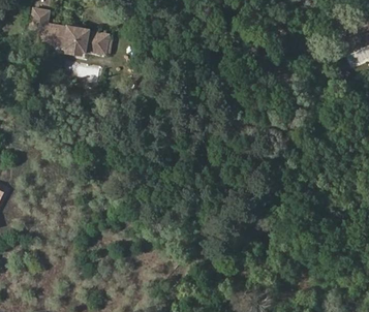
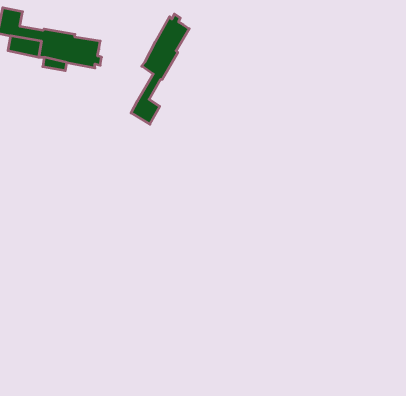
building: none -> [131,14,189,124]

